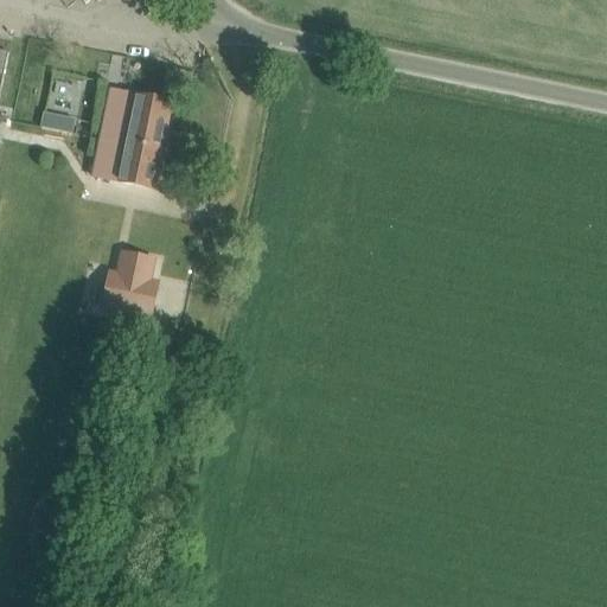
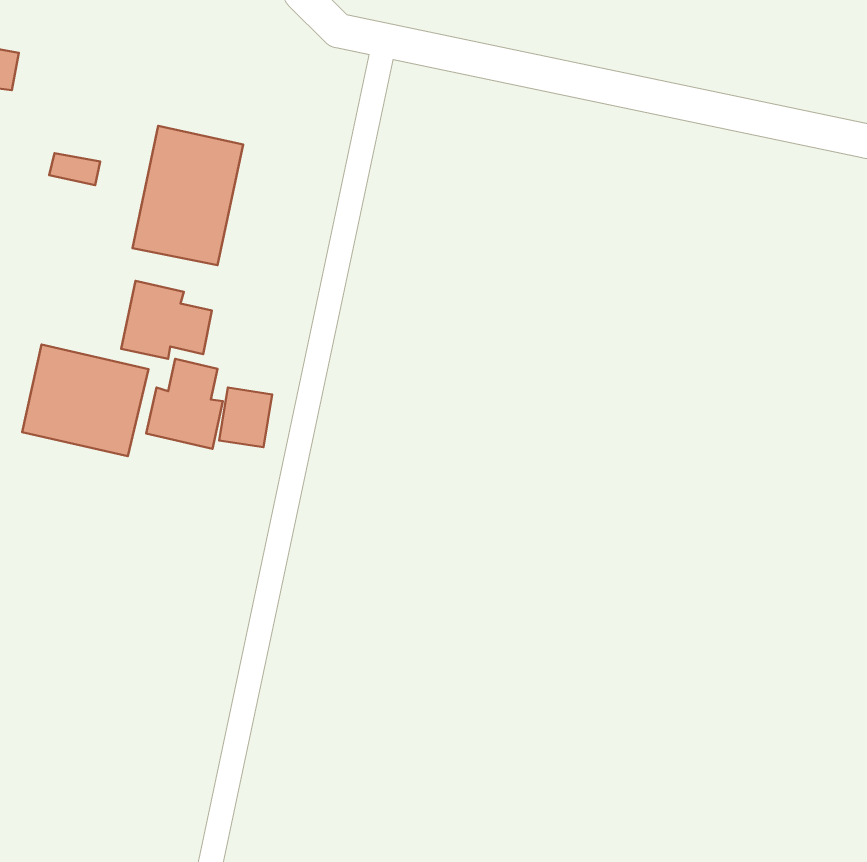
building: none -> [121,281,212,359]
building: none -> [22,345,148,456]

